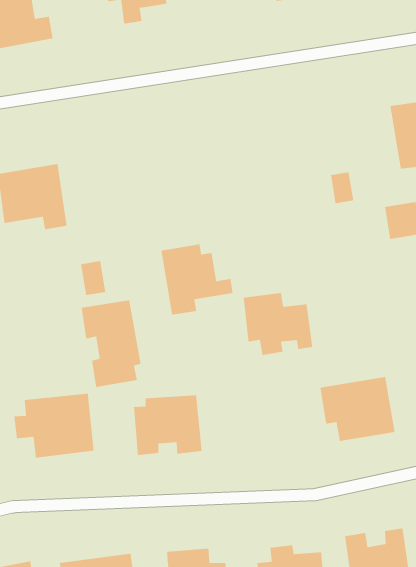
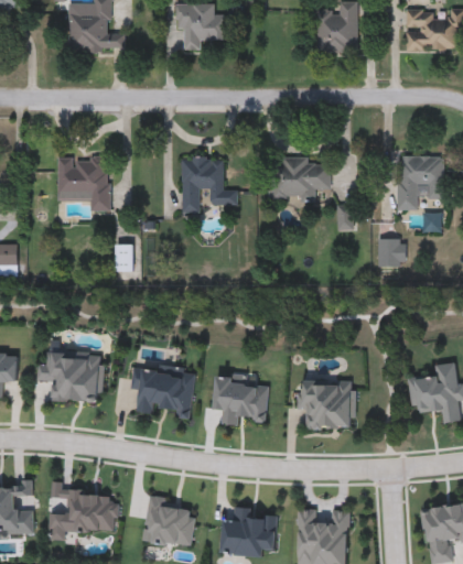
building: none -> [274,156,331,202]
building: [161,244,234,316] -> [182,156,237,213]
building: [243,292,313,356] -> [213,372,268,424]
building: [81,300,142,388] -> none

